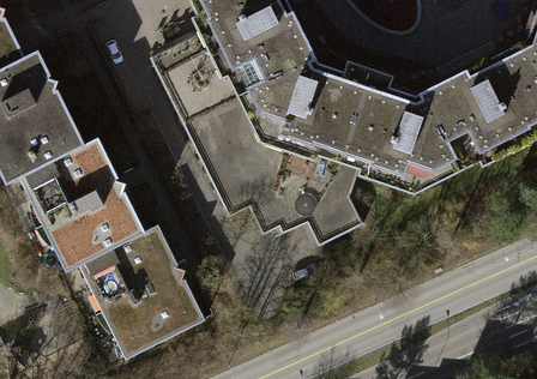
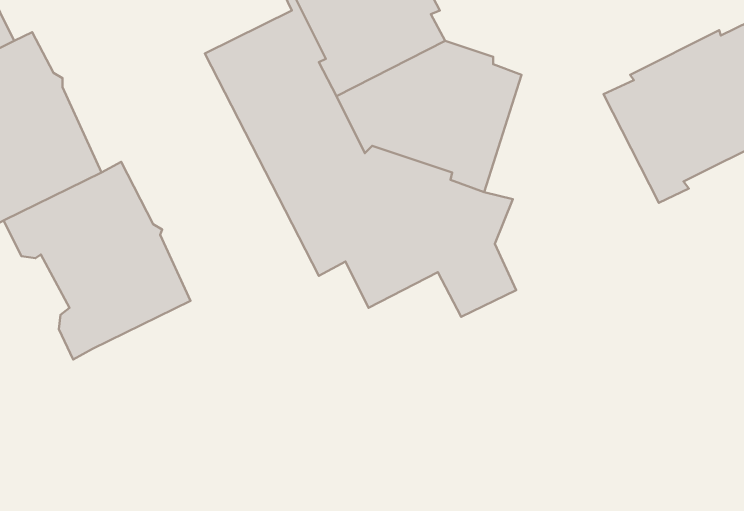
building: [342,82,459,188] -> none
building: [78,227,205,360] -> none

